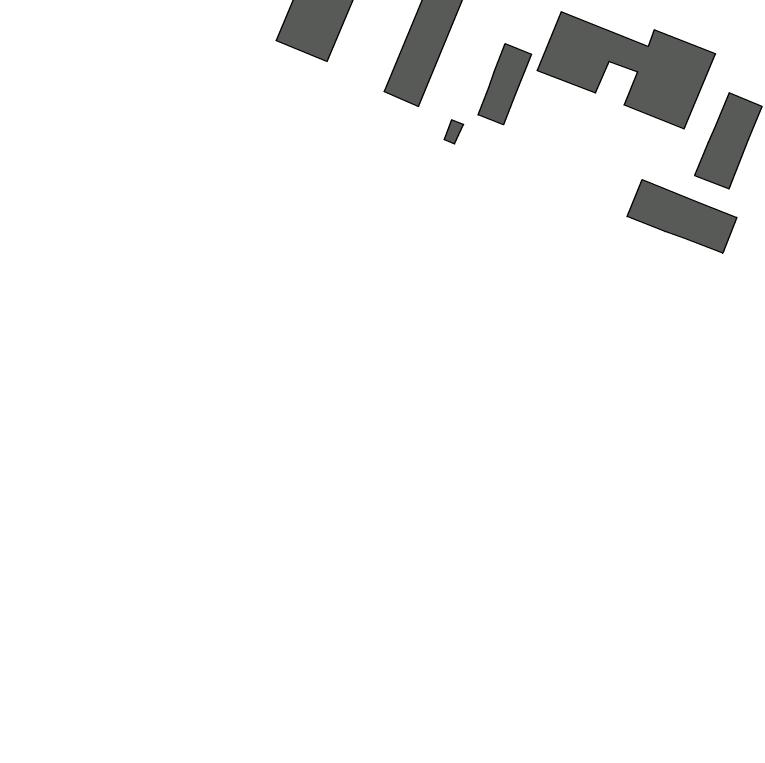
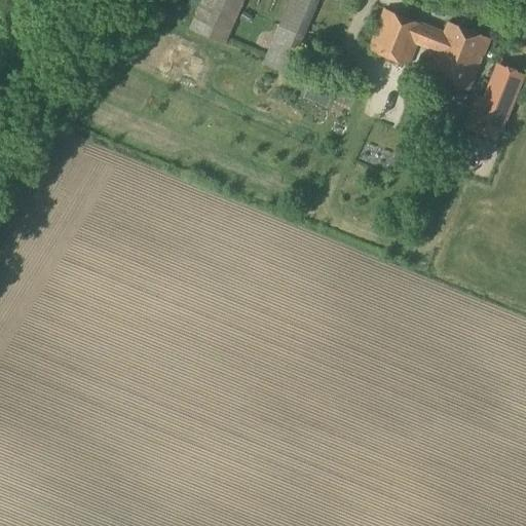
building: [478,44,532,125] -> none
building: [627,180,737,253] -> none

